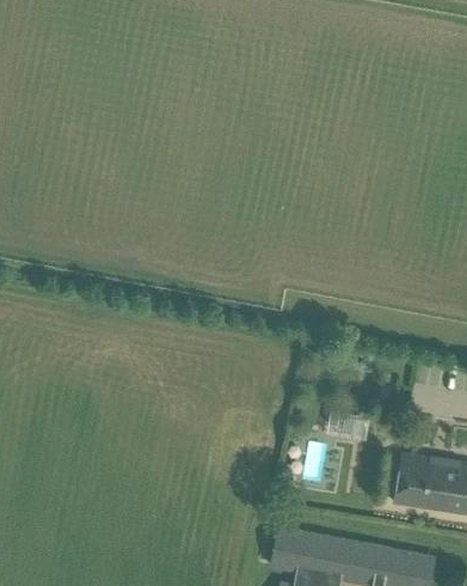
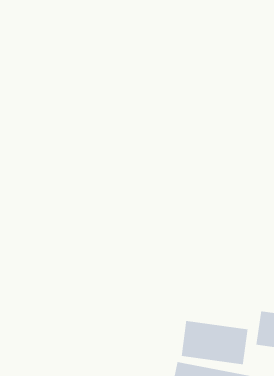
building: none -> [181,320,248,365]

